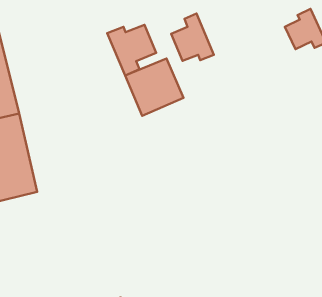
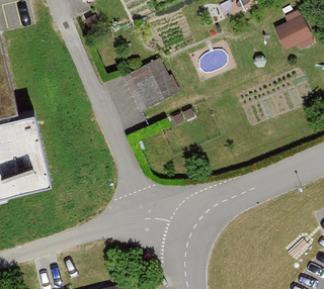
building: [171,14,214,61] -> none
building: [107,25,156,76] -> none

